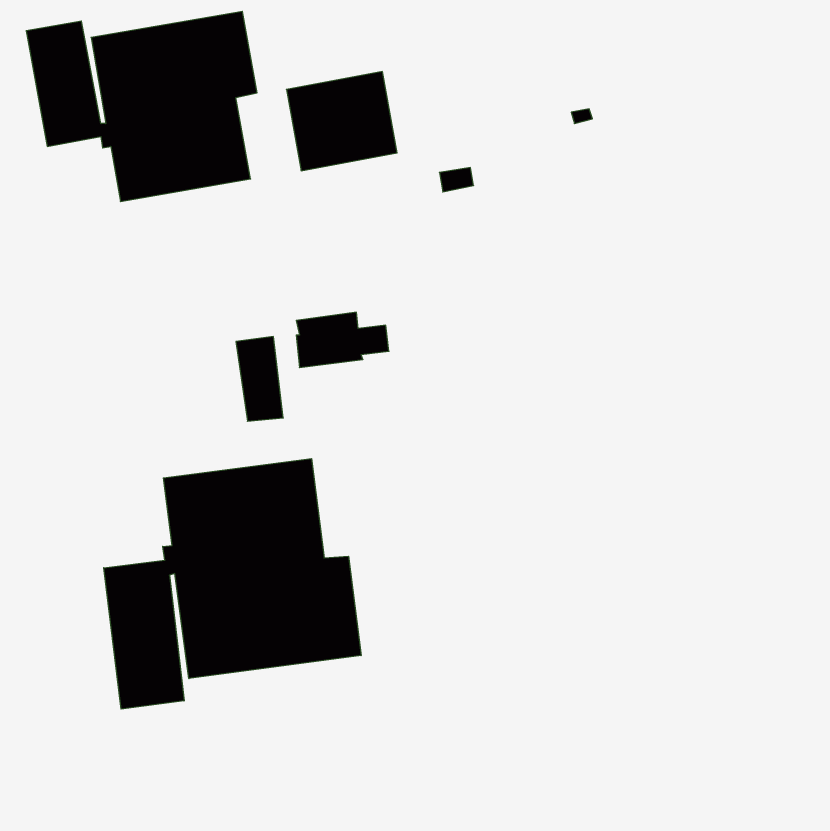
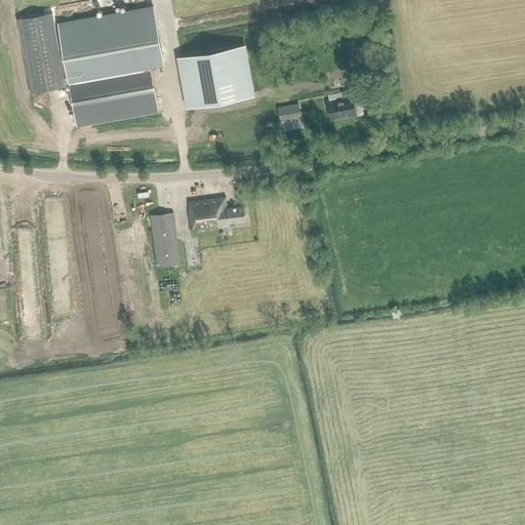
building: none -> [327,90,354,119]
building: [104,459,361,709] -> none

